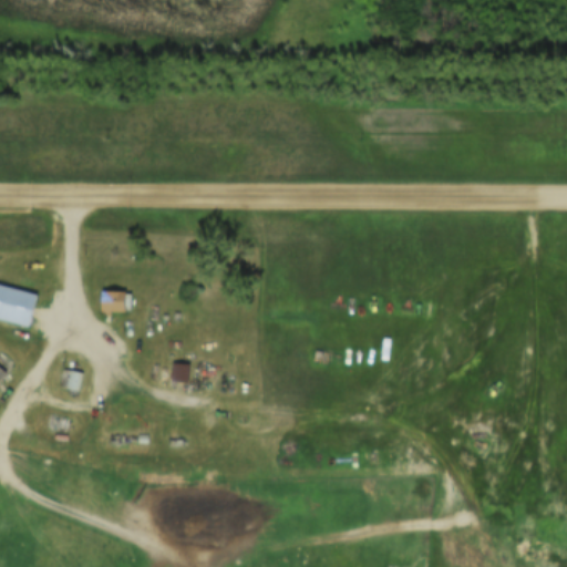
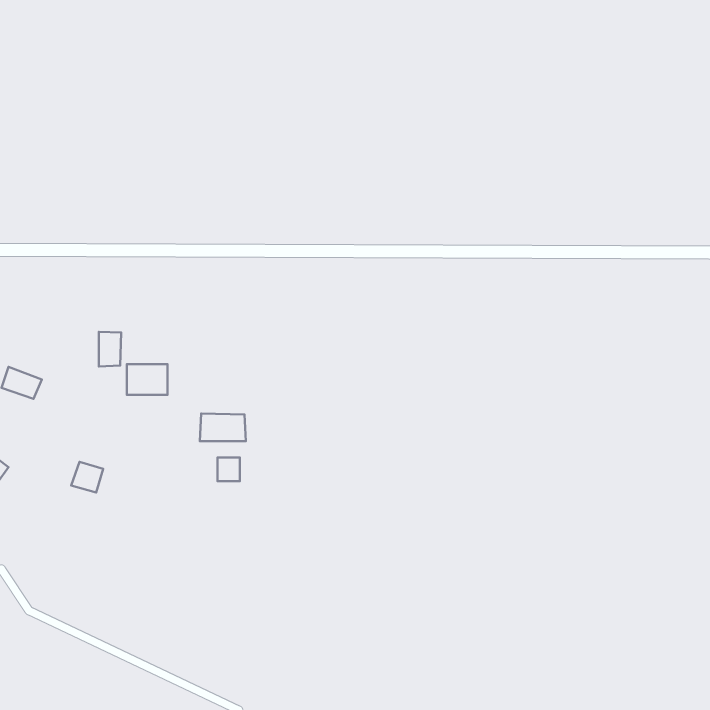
building: none -> [99,332,121,366]
building: none -> [200,413,246,441]

